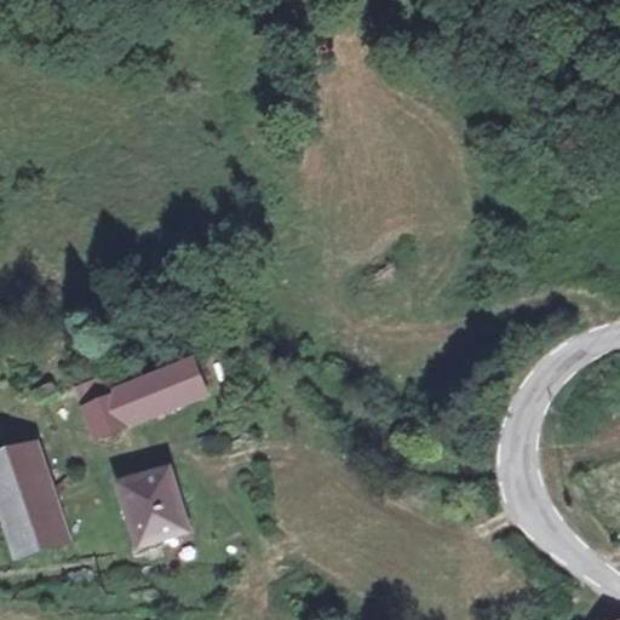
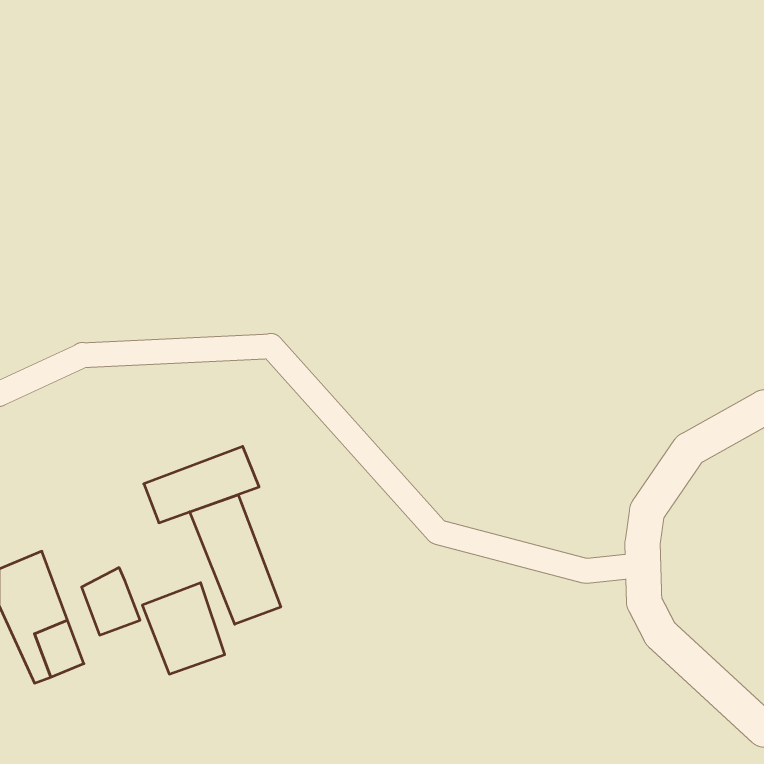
building: [81,380,128,435] -> [82,568,140,635]
building: none -> [190,495,281,624]

